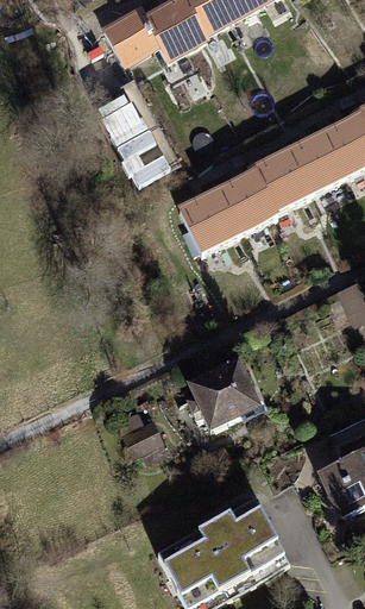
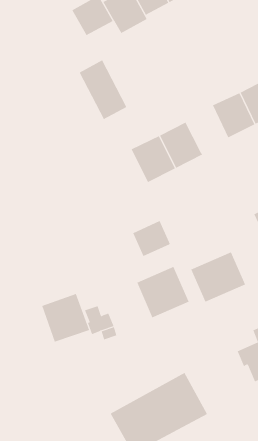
building: [252,151,308,212] -> none
building: none -> [133,220,171,257]
building: none -> [190,251,246,303]
building: none -> [42,293,90,342]

